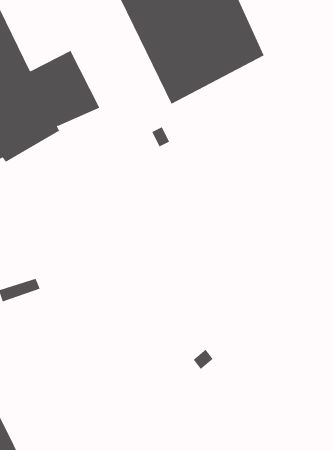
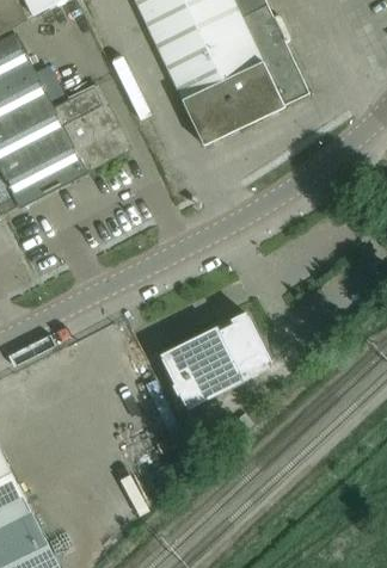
building: none -> [161,316,272,407]

